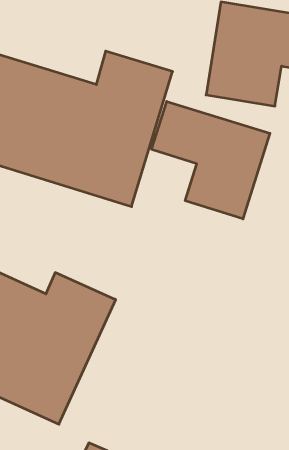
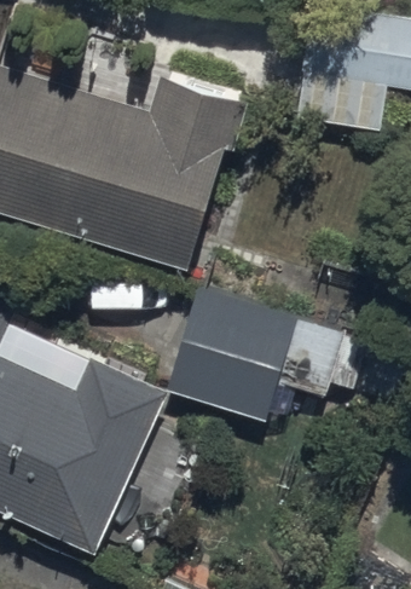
building: [152,101,270,219] -> none
building: none -> [170,287,349,423]

